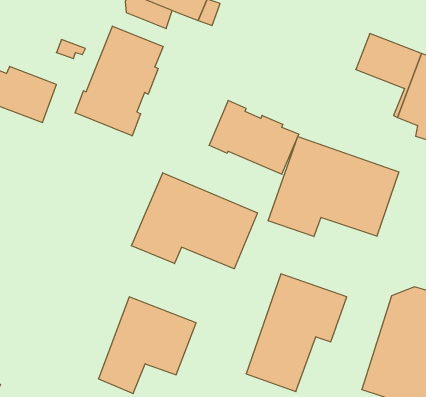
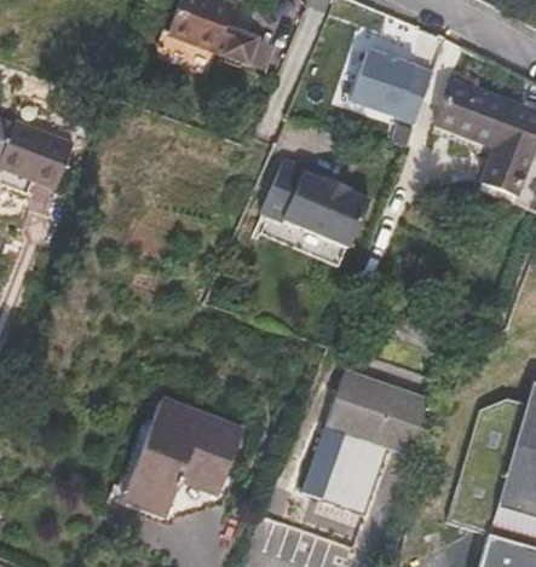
building: none -> [350,52,432,127]
building: [75,26,163,136] -> none
building: [268,137,399,237] -> none
building: [132,173,257,269] -> none

